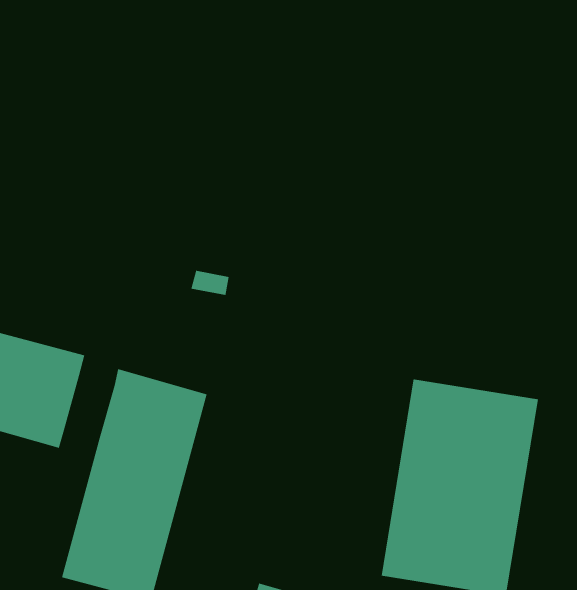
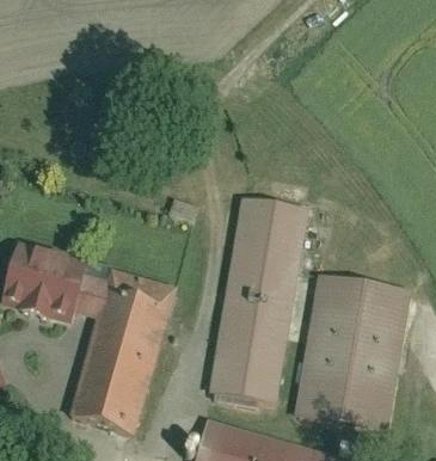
building: none -> [211,199,308,397]
building: none -> [73,273,108,318]

